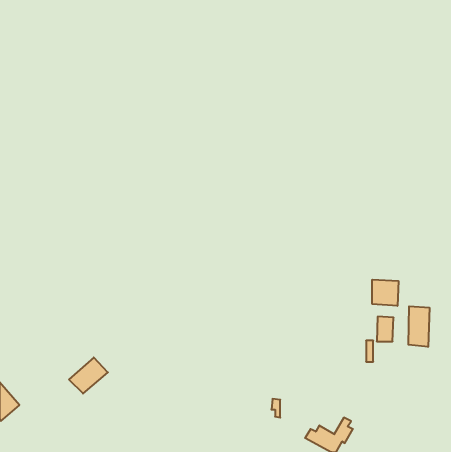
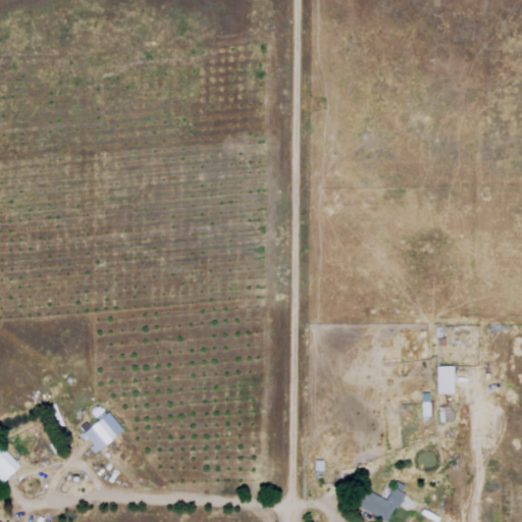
building: [372,280,398,306] -> none
building: [408,306,429,347] -> none

